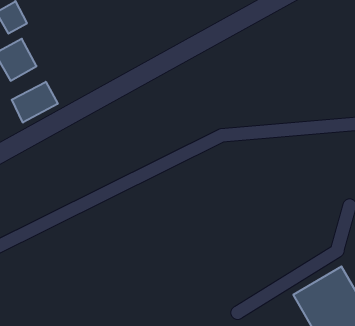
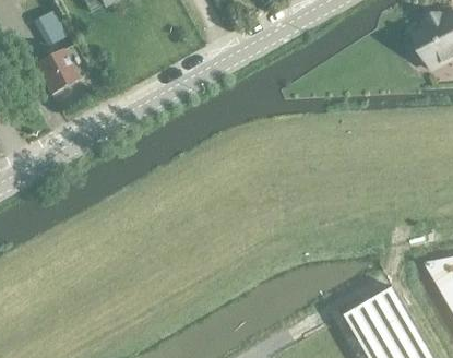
building: [12,82,58,123] -> none

